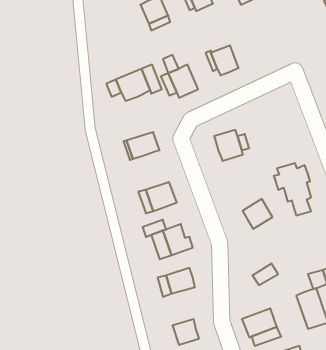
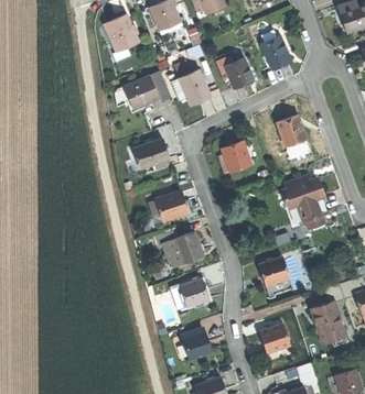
building: none -> [105,14,140,54]
building: none -> [261,35,290,66]
building: none -> [278,114,309,144]
building: [243,199,272,229] -> [254,256,285,287]

